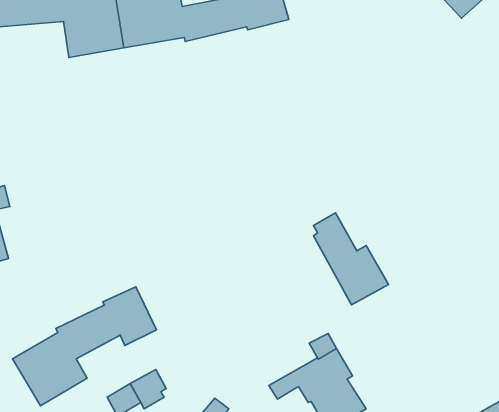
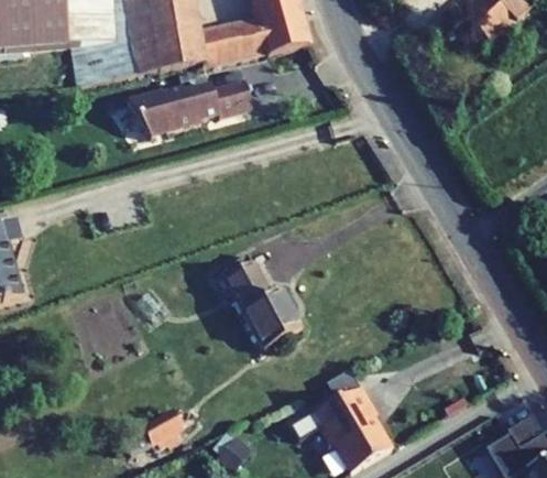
building: none -> [128,79,253,133]
building: [313,213,388,305] -> [226,251,304,347]
building: [13,287,157,406] -> none

